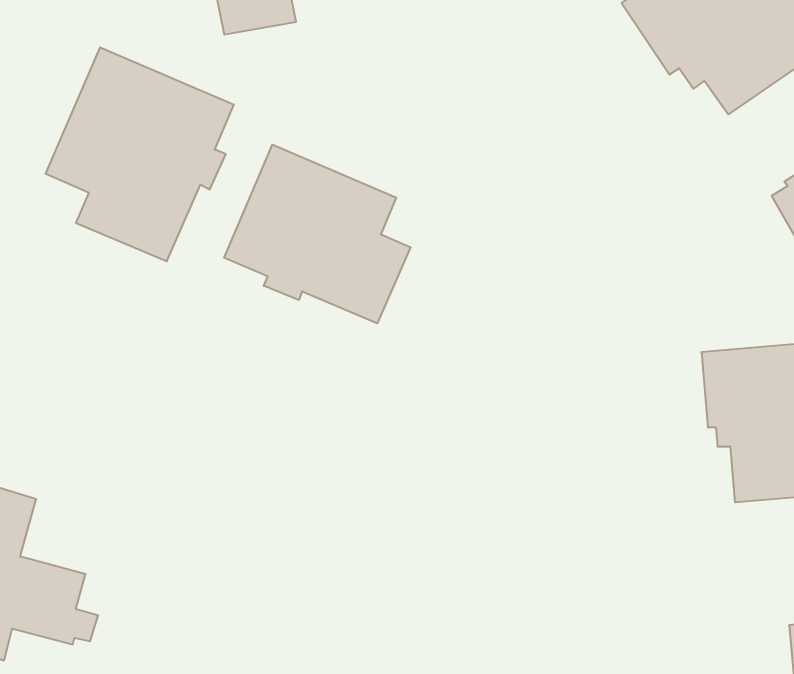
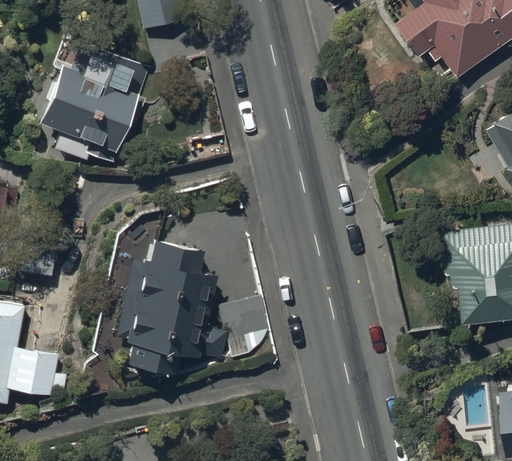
building: [224,145,410,323] -> none
building: none -> [106,226,266,381]

